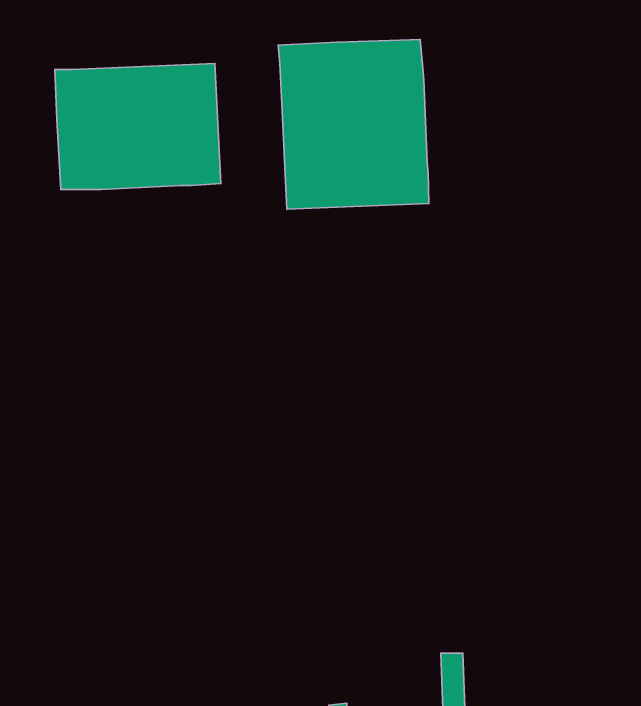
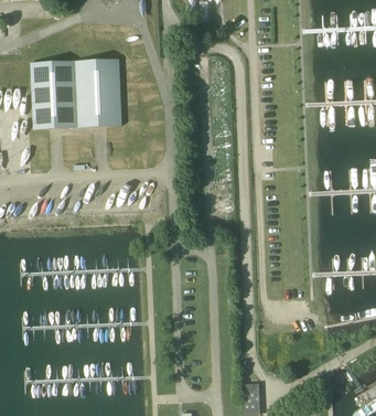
building: [278,39,429,209] -> none

